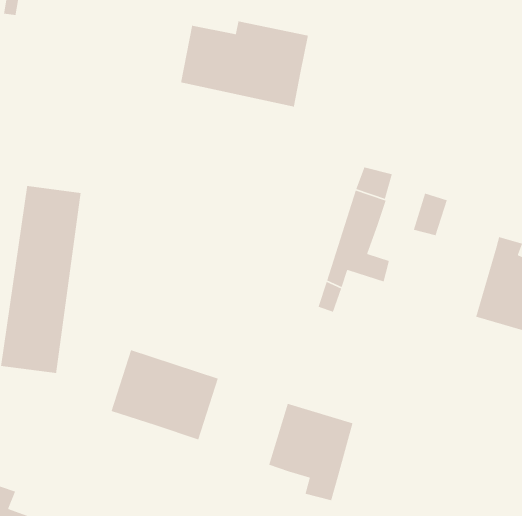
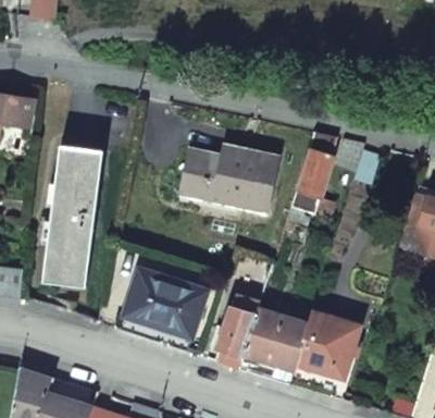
building: [180,21,309,107] -> [179,147,276,212]
building: none -> [218,298,259,370]
building: none -> [297,312,358,378]

